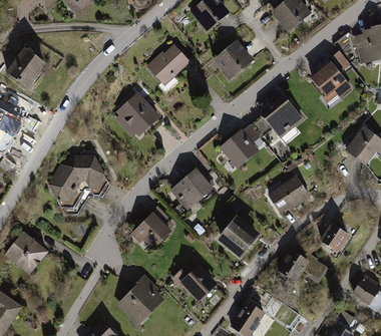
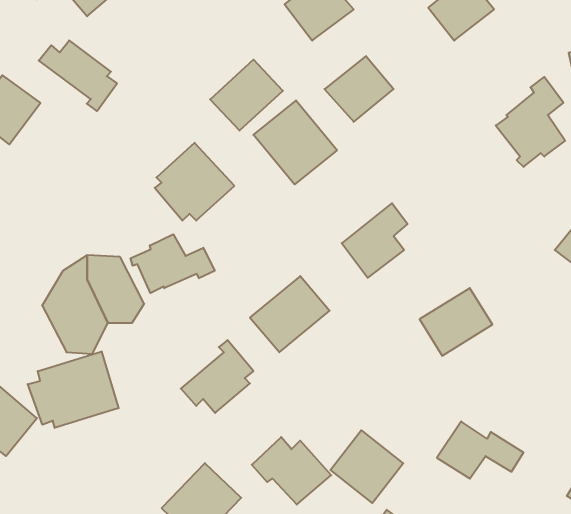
building: none -> [39,40,117,111]
building: none -> [253,100,337,184]
building: [252,98,305,141] -> none
building: none -> [131,234,215,293]
building: none -> [28,351,119,428]
building: [218,213,260,255] -> [330,430,403,503]
building: [321,226,351,255] -> none

